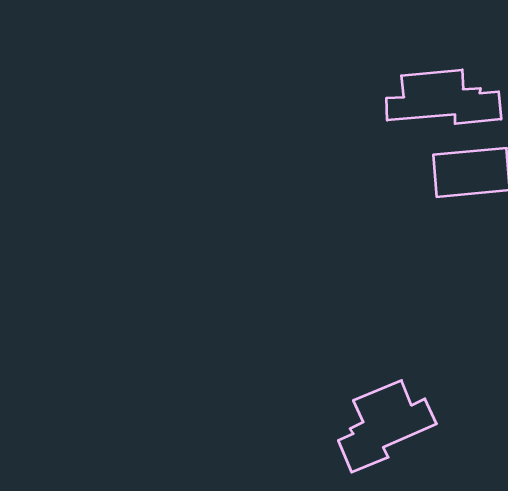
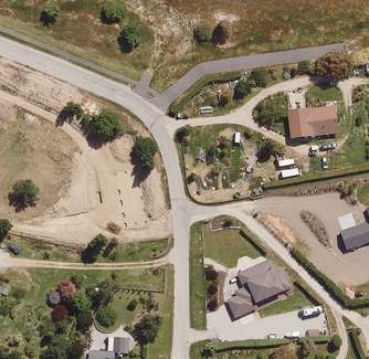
building: [387,70,501,124] -> none

